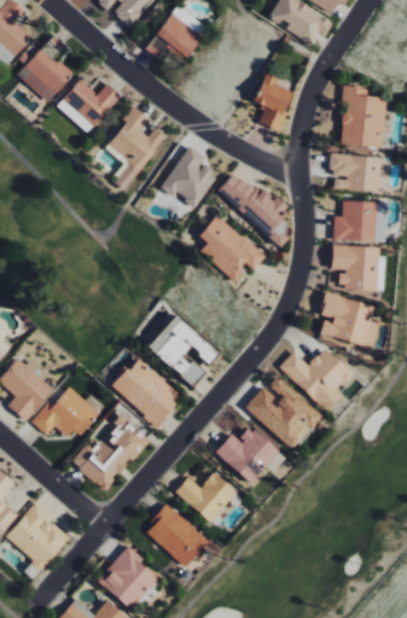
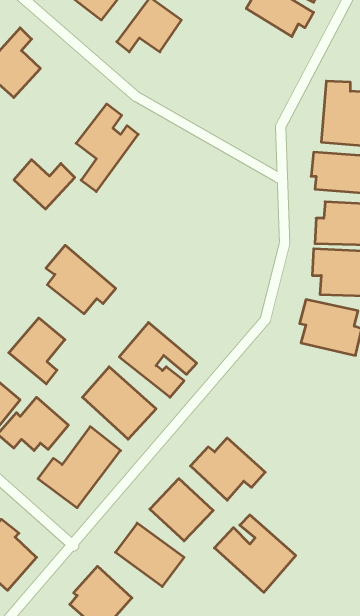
building: [254,78,295,130] -> none
building: [63,80,121,127] -> [14,160,75,209]
building: [161,145,217,206] -> none
building: [217,170,290,246] -> none
building: [199,215,266,280] -> [46,245,116,314]
building: none -> [9,318,65,384]
building: [280,348,350,410] -> none
building: [244,375,321,449] -> [214,515,296,592]

